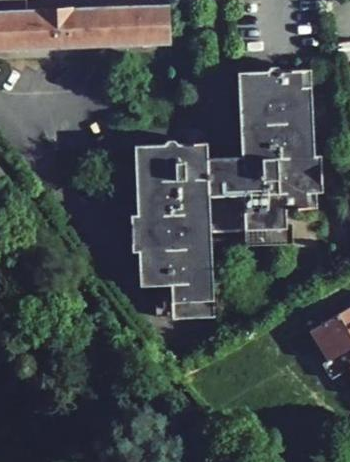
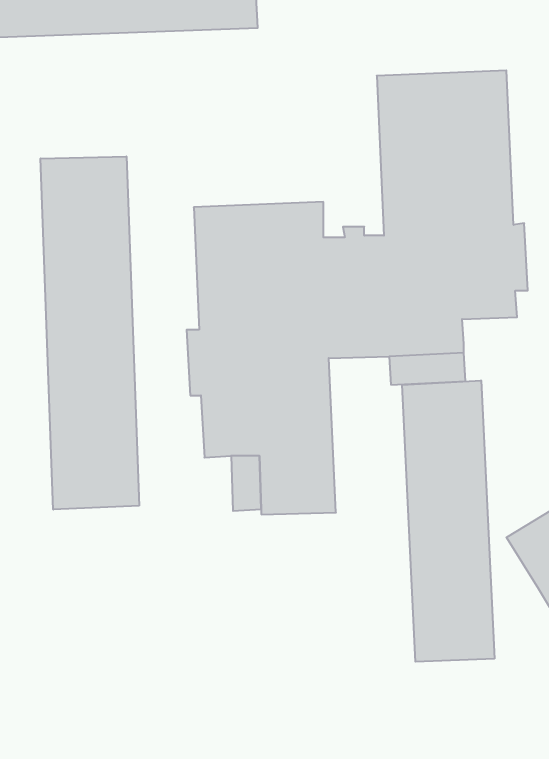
building: none -> [41,156,139,510]
building: none -> [402,380,494,662]

